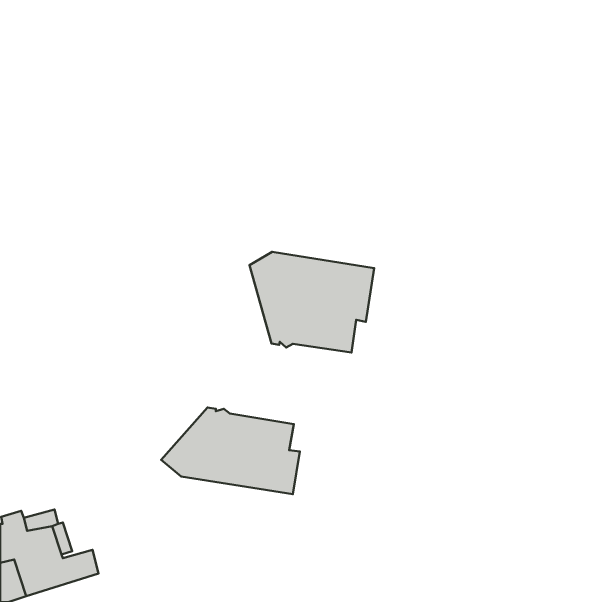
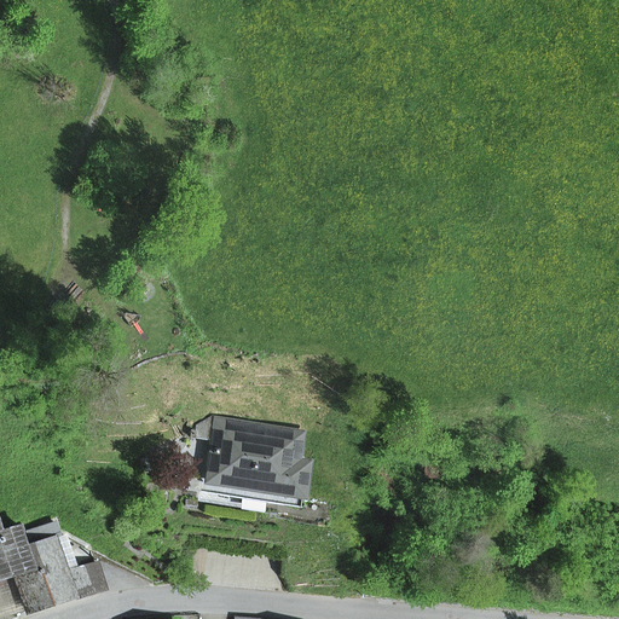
building: [249,252,374,353] -> none

